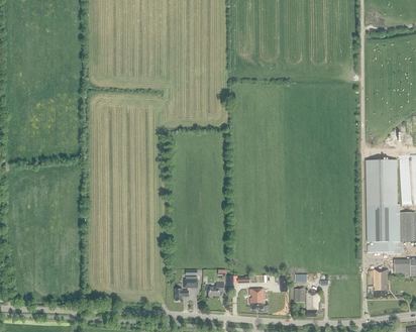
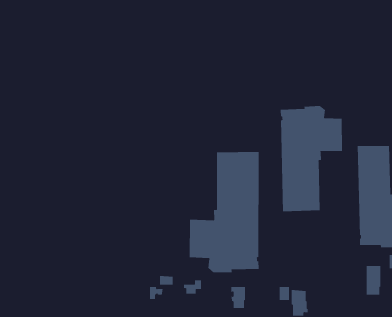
building: none -> [280,105,342,212]
building: none -> [189,151,259,273]

